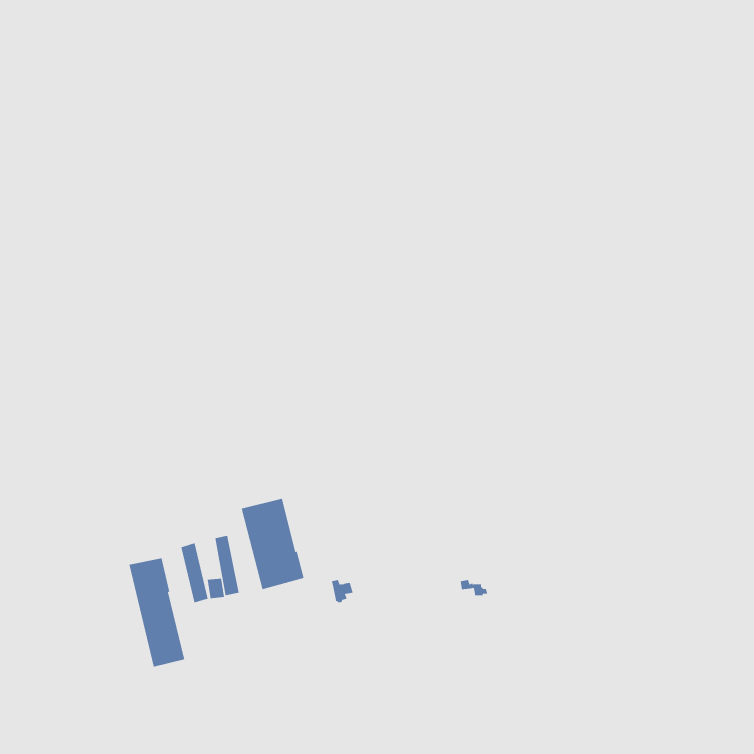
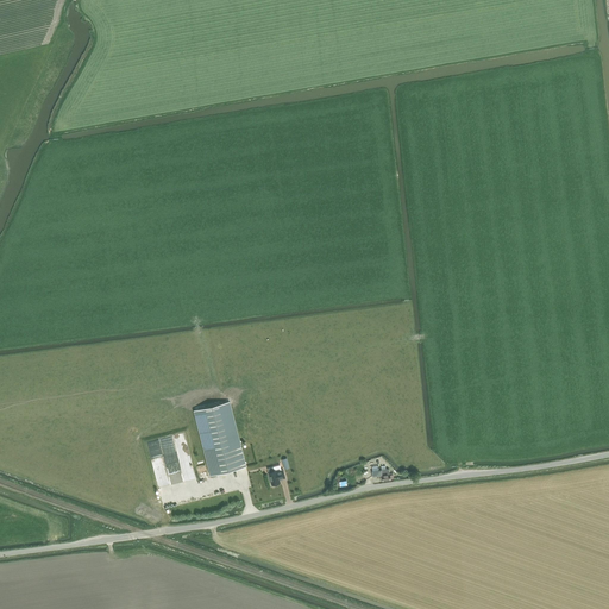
building: [129,558,185,668] -> none

